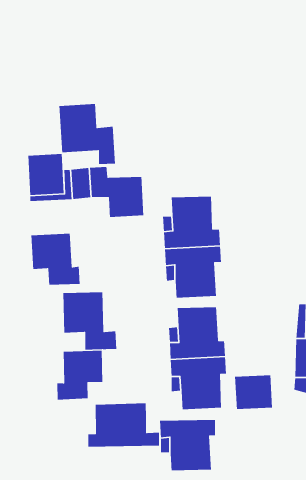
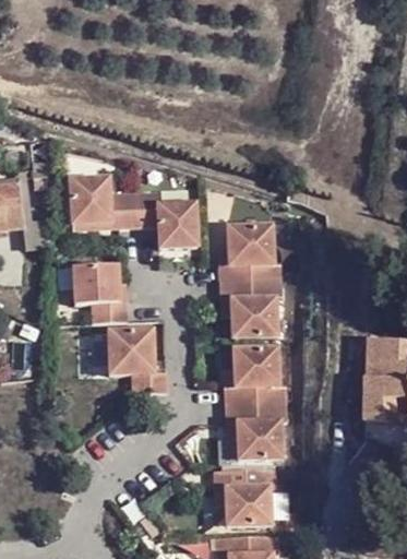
building: [59,103,116,165] -> none
building: [56,350,103,400] -> none
building: [234,374,273,410] -> none
building: [88,402,160,448] -> none

